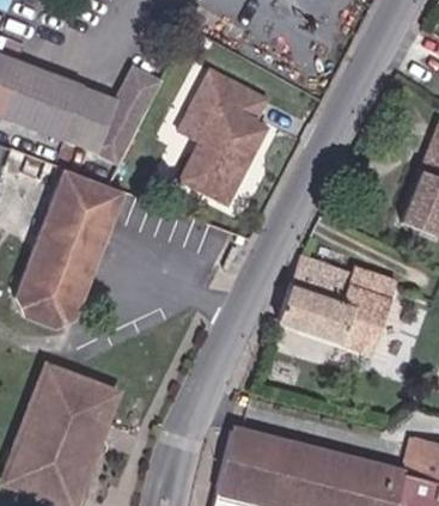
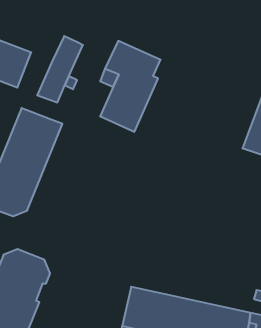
building: [65,89,116,151] -> none
building: [272,252,392,352] -> none

